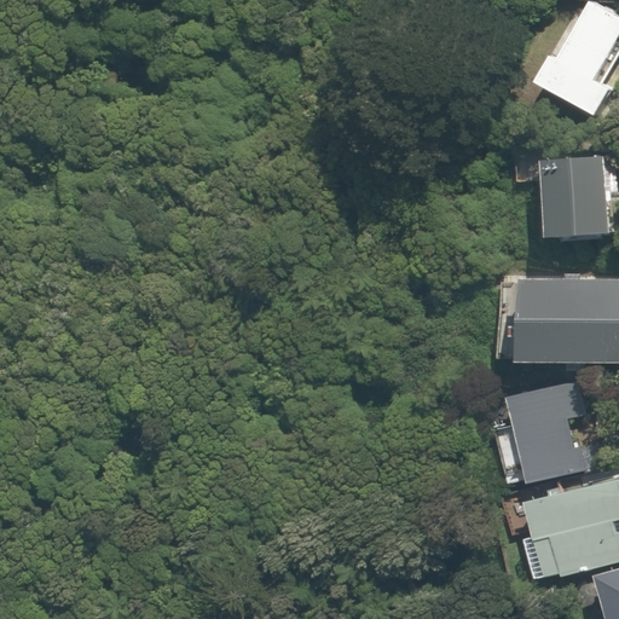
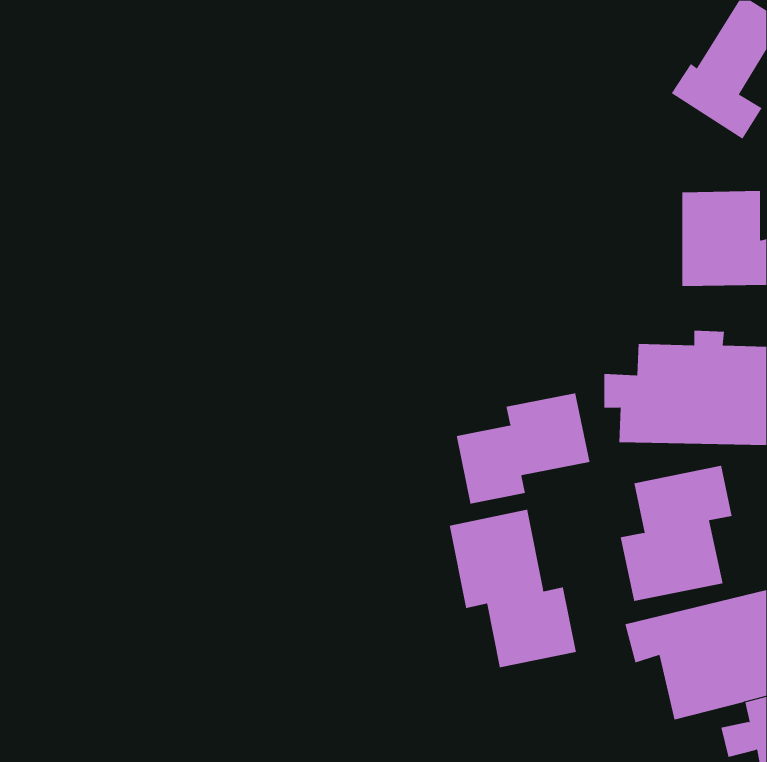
building: none -> [456,392,590,505]
building: none -> [449,509,577,668]

